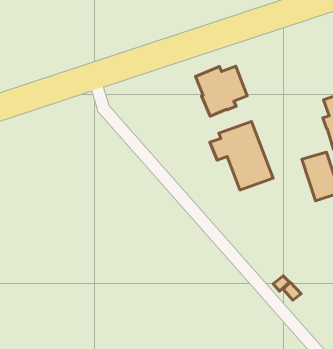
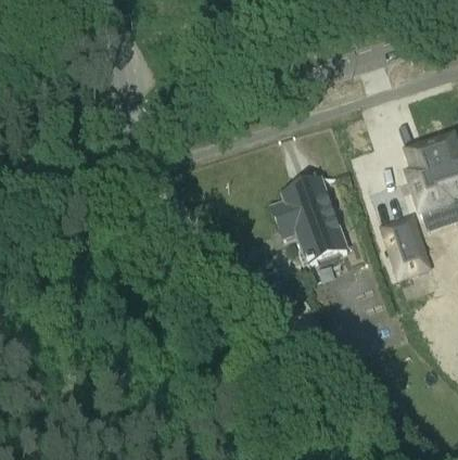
building: [195,66,247,116] -> none

